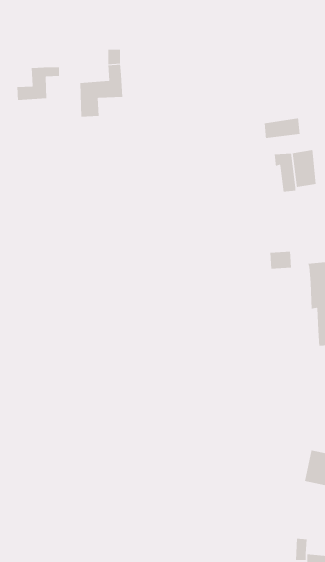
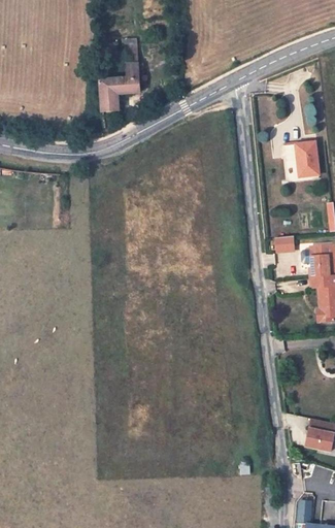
building: [17,67,60,101] -> none
building: [264,117,300,139] -> none

